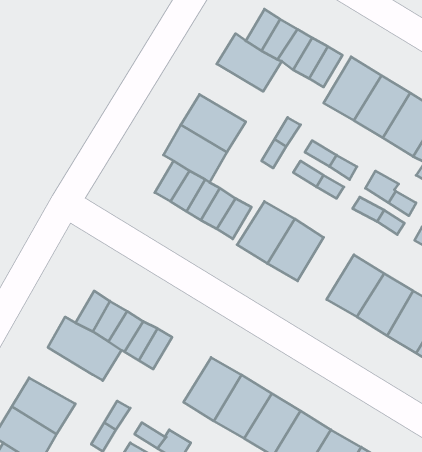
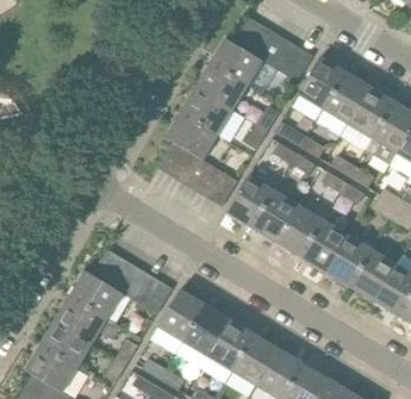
building: none -> [195,63,248,111]
building: none -> [276,206,323,257]
building: none -> [158,289,205,342]
building: none -> [55,297,107,343]

